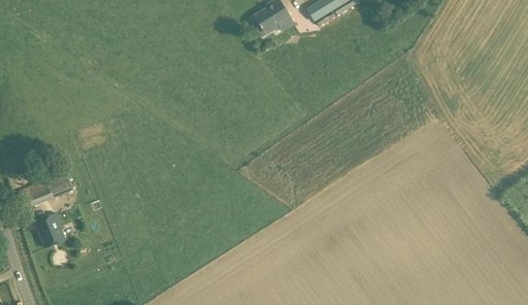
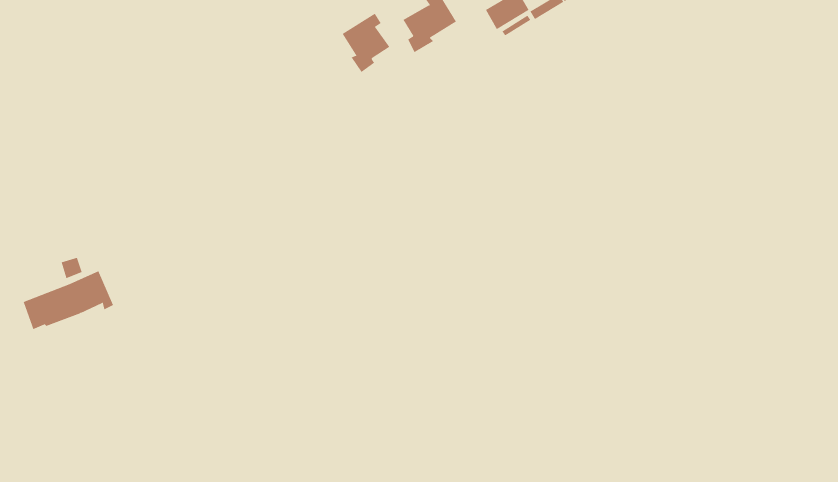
building: none -> [342,13,390,73]
building: [35,213,65,247] -> none

